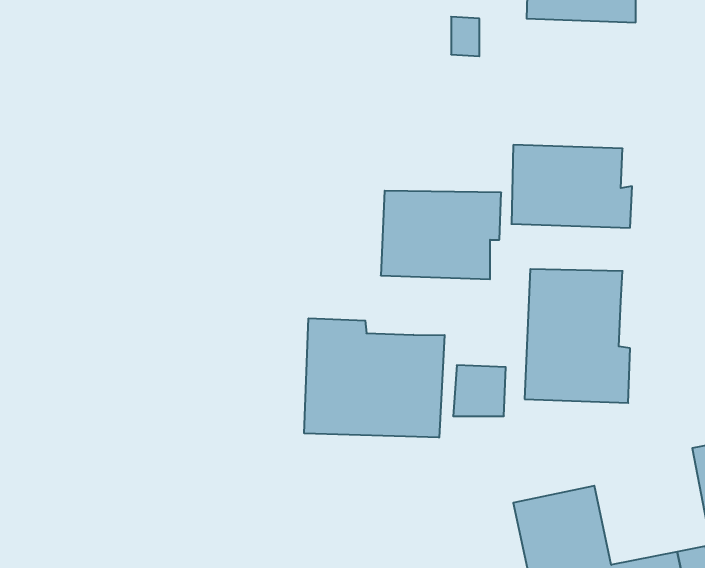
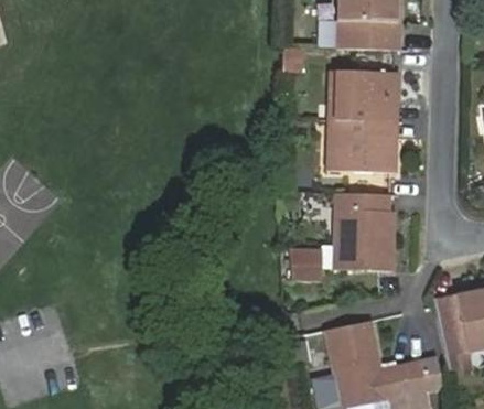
building: [381,191,501,279] -> [329,72,399,123]
building: [304,318,445,438] -> none

